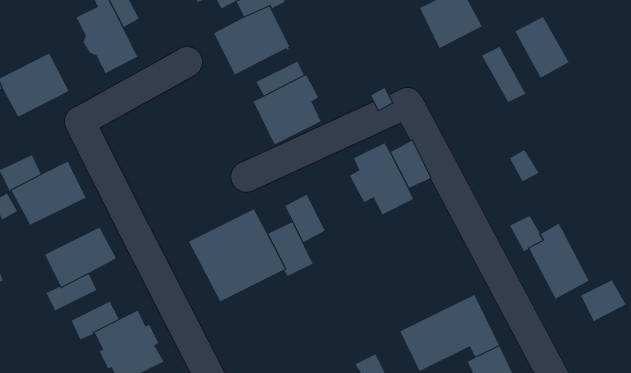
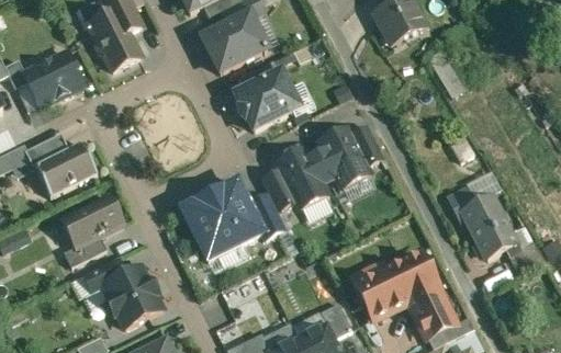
building: [515,16,570,79] -> none
building: none -> [276,147,327,207]

